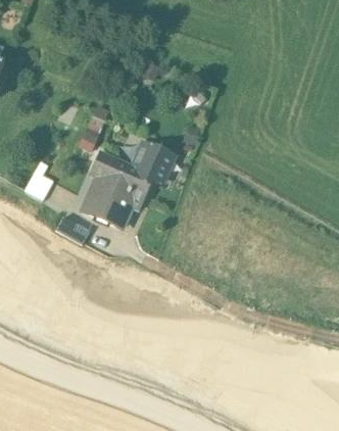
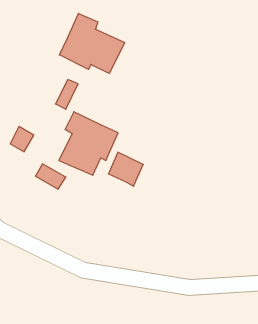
building: none -> [59,13,125,73]
building: [132,141,173,181] -> [108,152,143,186]

